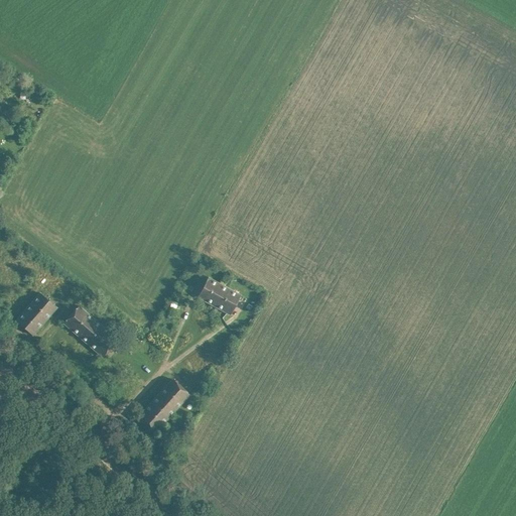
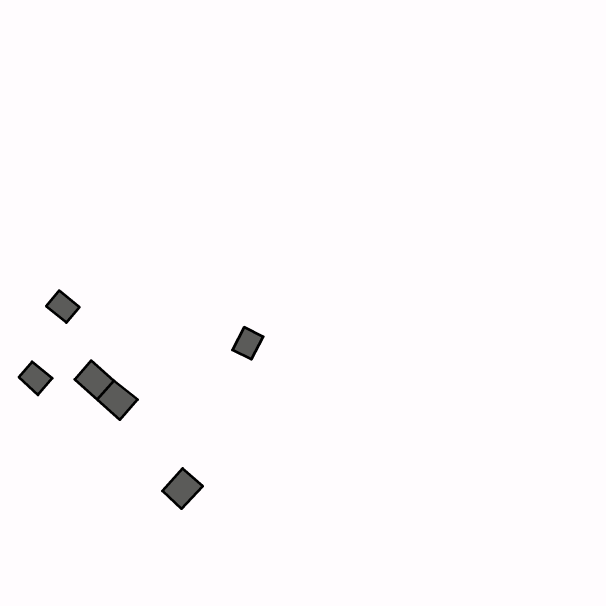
building: [214,286,240,314] -> none
building: [27,294,55,321] -> [46,291,79,323]
building: [155,379,189,413] -> none

